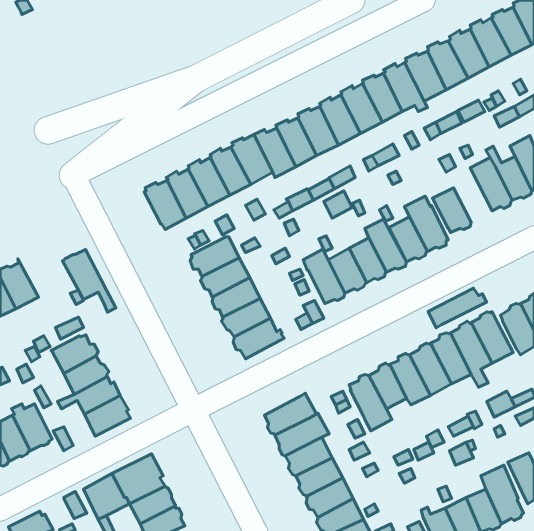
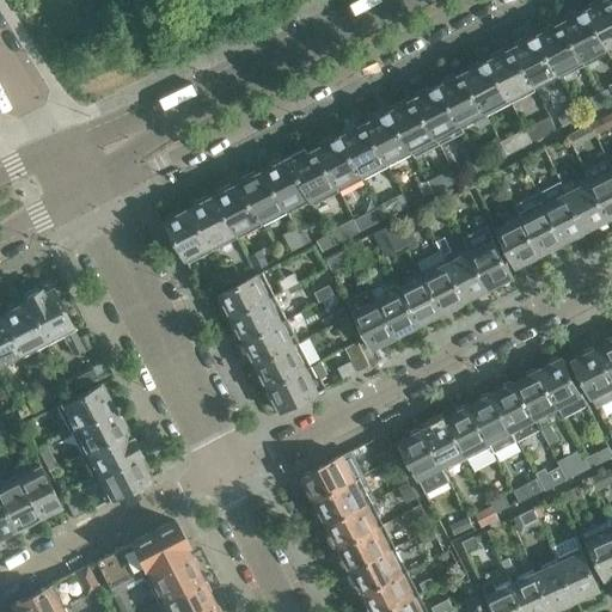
building: none -> [514,195,563,257]
building: [63,249,116,312] -> [20,286,81,357]
building: [428,288,487,328] -> none

